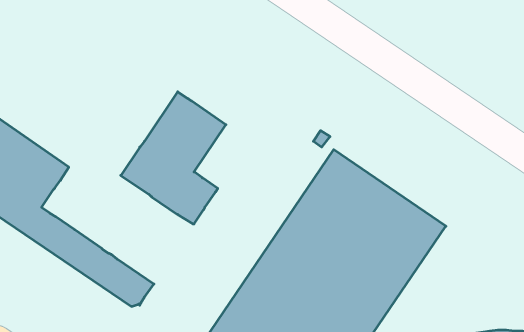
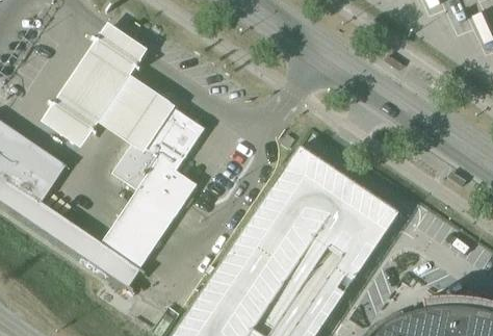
building: none -> [41,21,162,148]
building: none -> [104,186,176,263]

